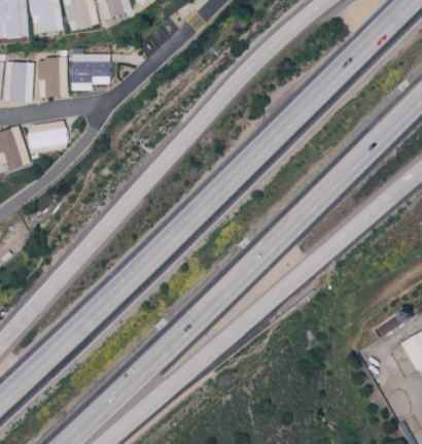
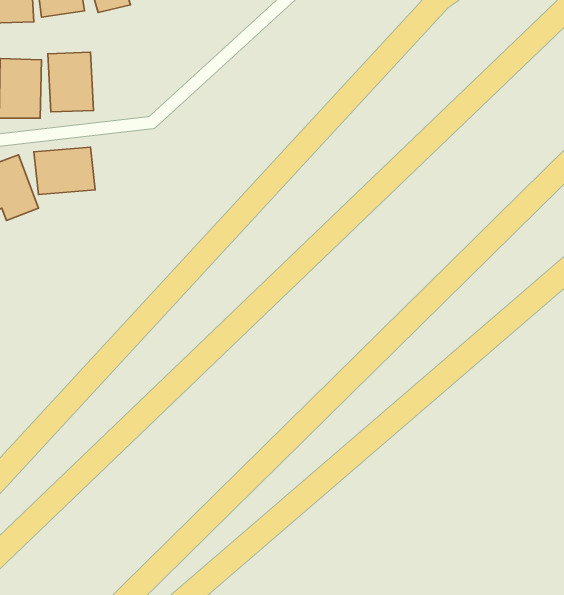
building: [71,54,110,91] -> none

